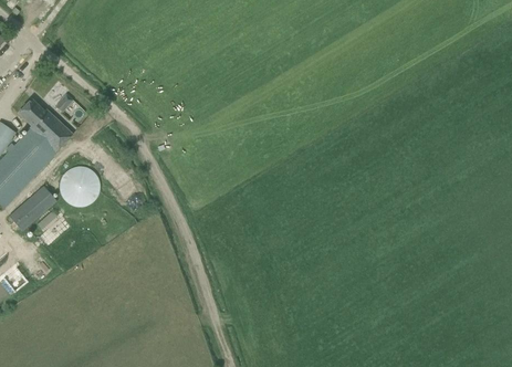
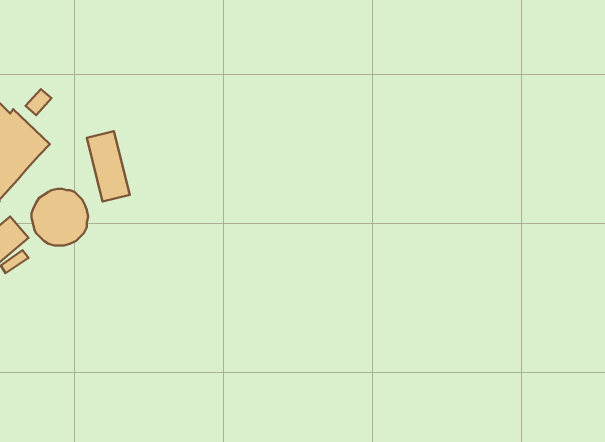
building: none -> [87,131,130,201]

